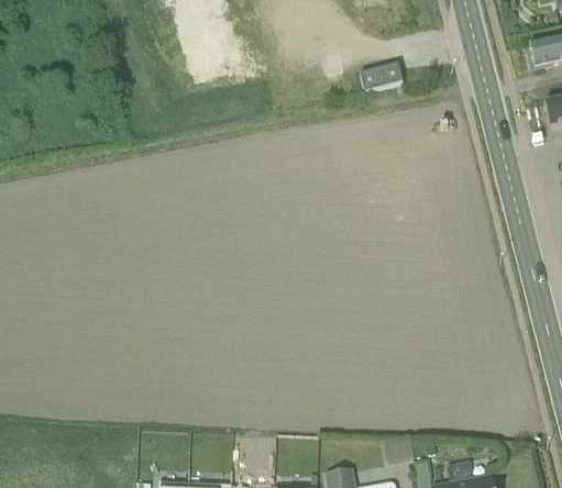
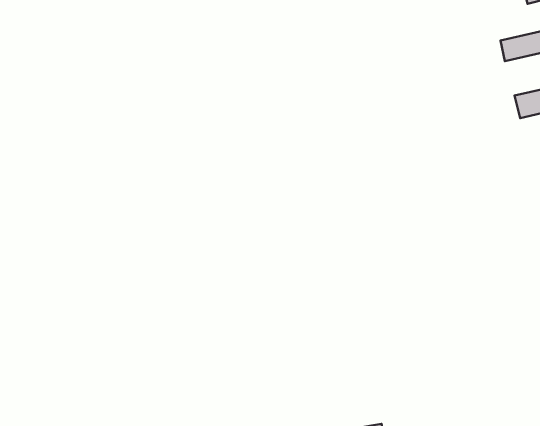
building: [361,58,404,92] -> none

